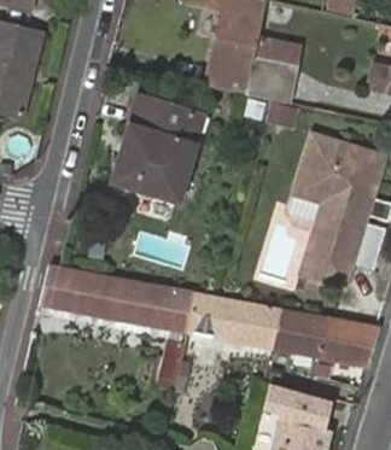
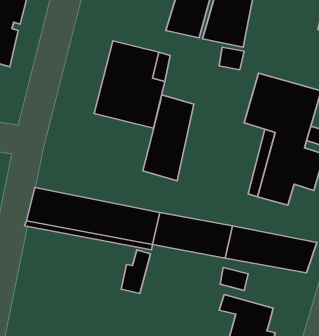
building: none -> [143,95,194,181]

